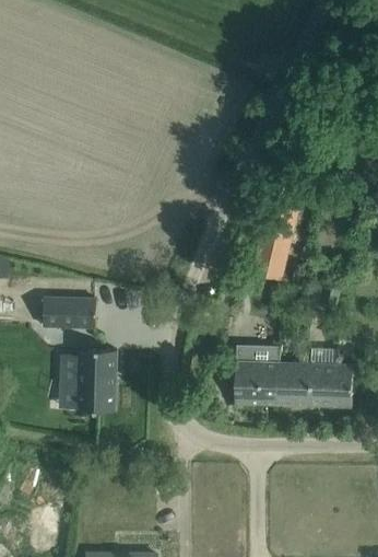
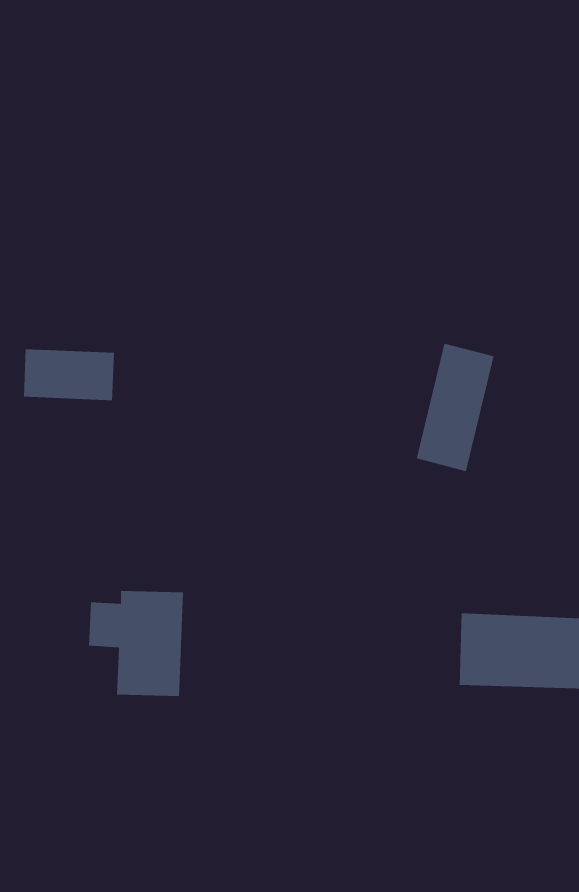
building: [43,298,96,328] -> [23,349,115,401]
building: [235,346,280,405] -> none

